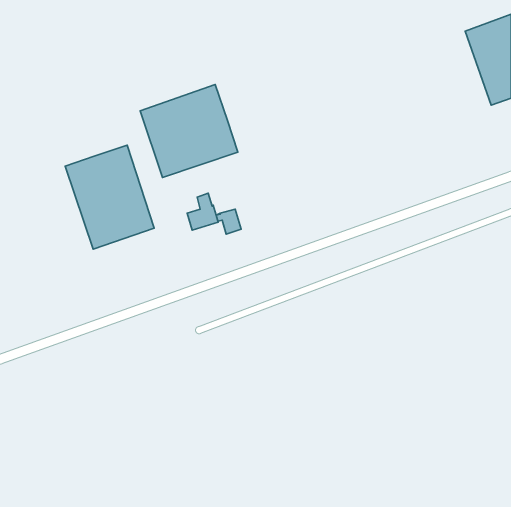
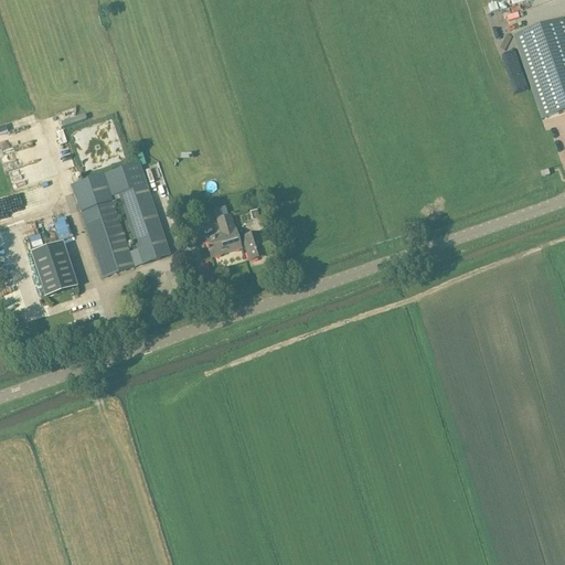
building: [140,84,238,178] -> none
building: none -> [32,239,77,295]

